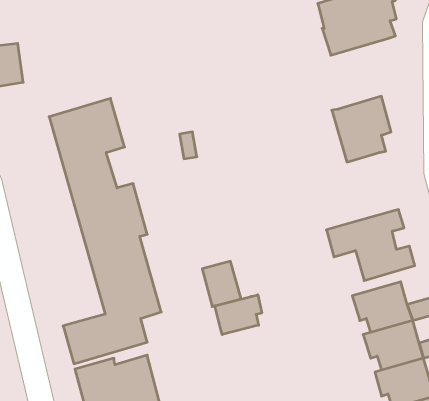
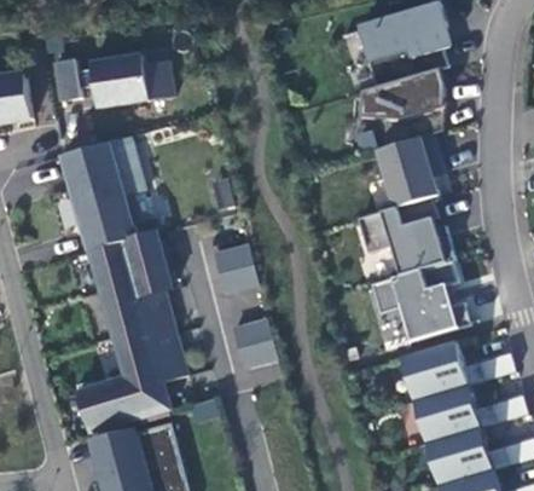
building: none -> [53,54,172,106]
building: none -> [361,68,446,148]
building: none -> [358,196,454,275]
building: none -> [213,243,256,293]
building: [215,295,262,335] -> none

